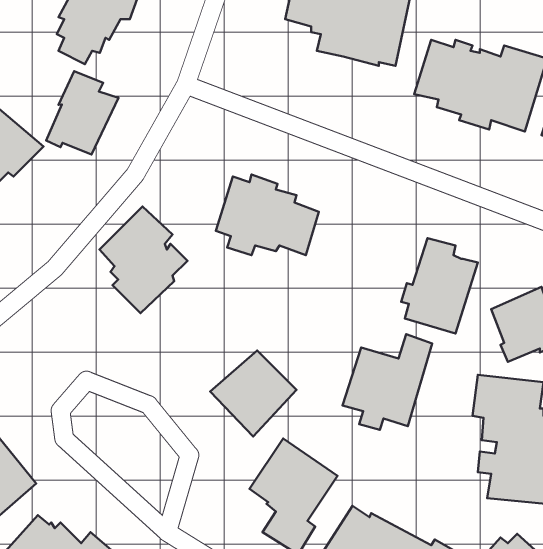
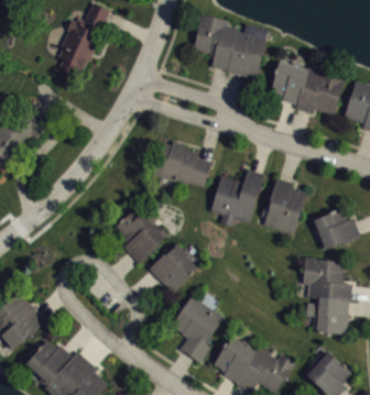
building: [46,71,118,155] -> none
building: [99,206,187,313] -> [116,201,167,264]
building: [342,334,432,430] -> [210,169,263,226]

